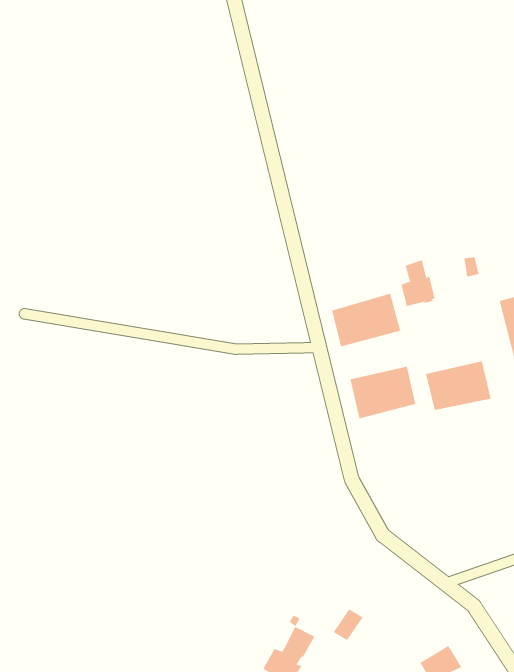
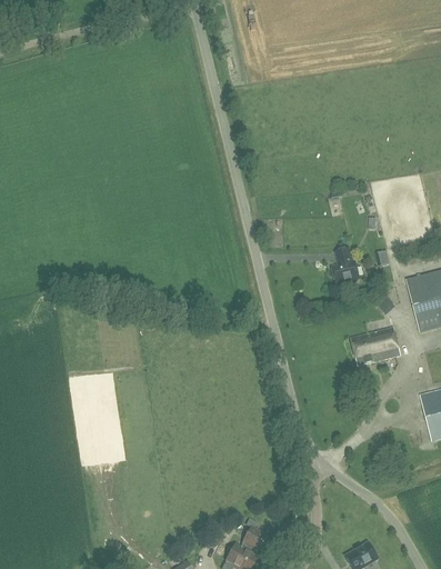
building: [331,293,401,347] -> none
building: [350,366,416,419] -> none

